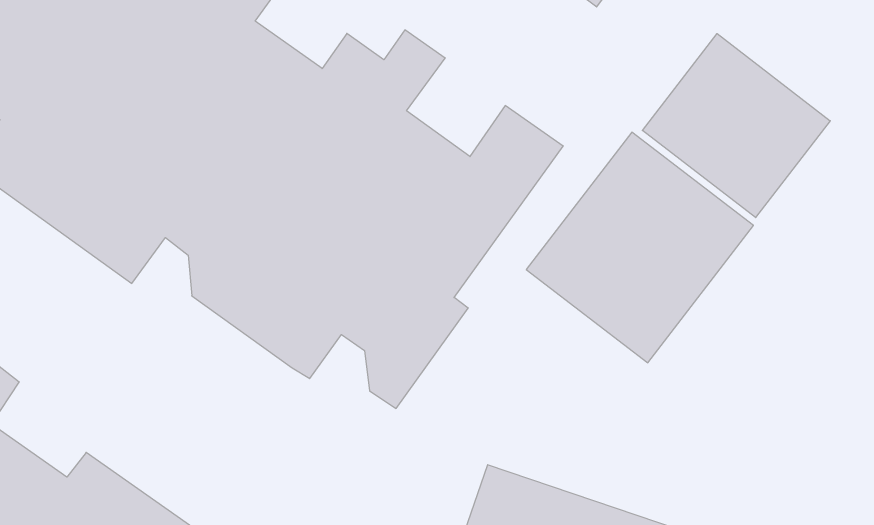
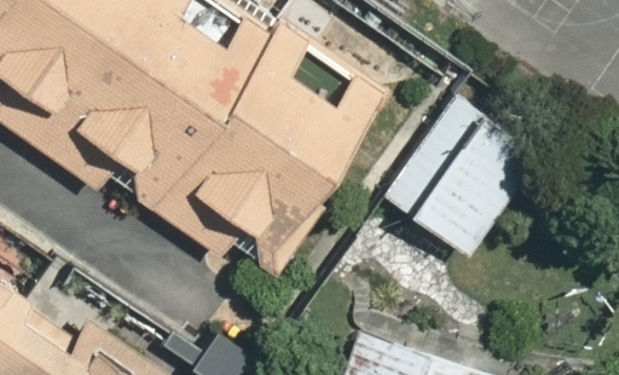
building: [642,34,830,218] -> none

